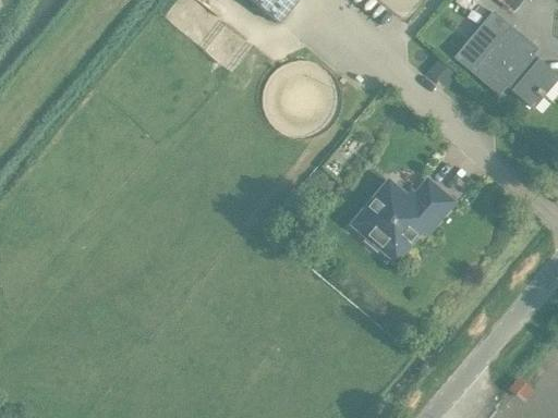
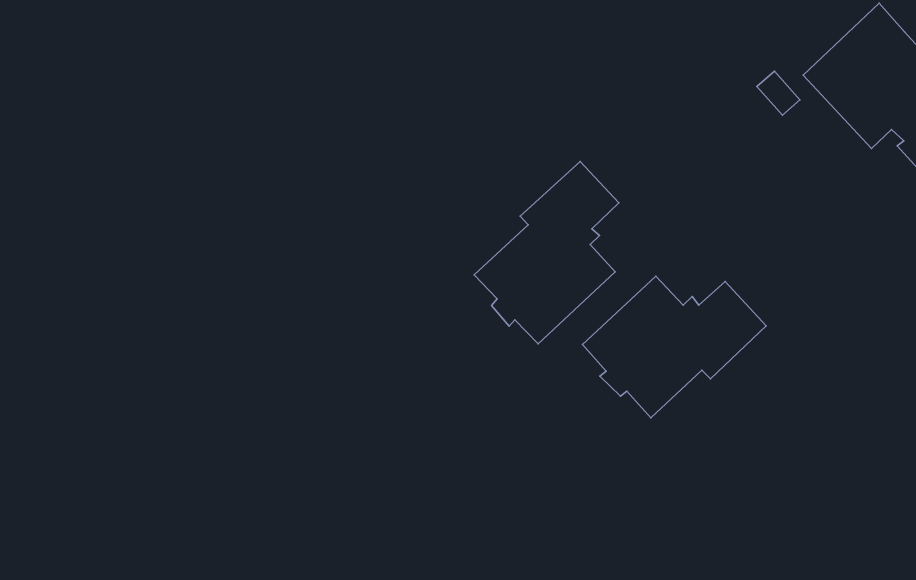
building: none -> [474,162,619,344]

